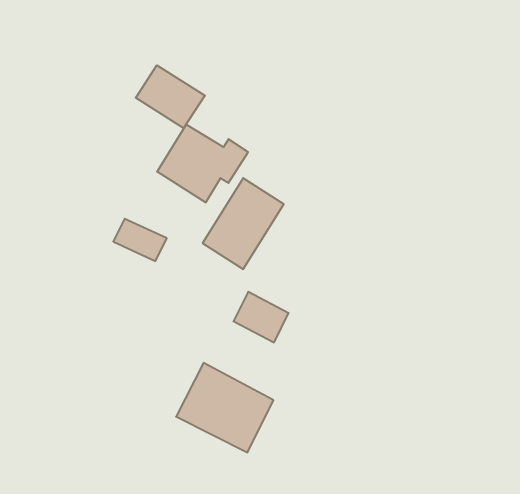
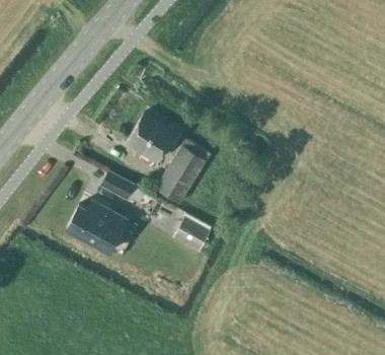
building: [136,65,205,128] -> none
building: [176,363,273,452] -> [67,195,128,251]

